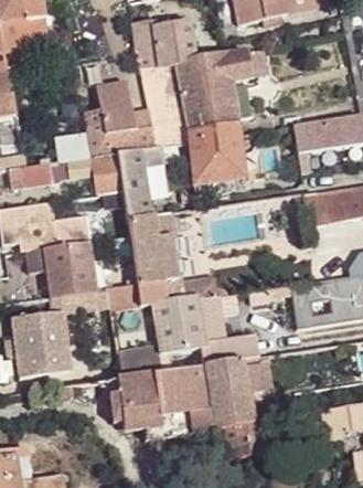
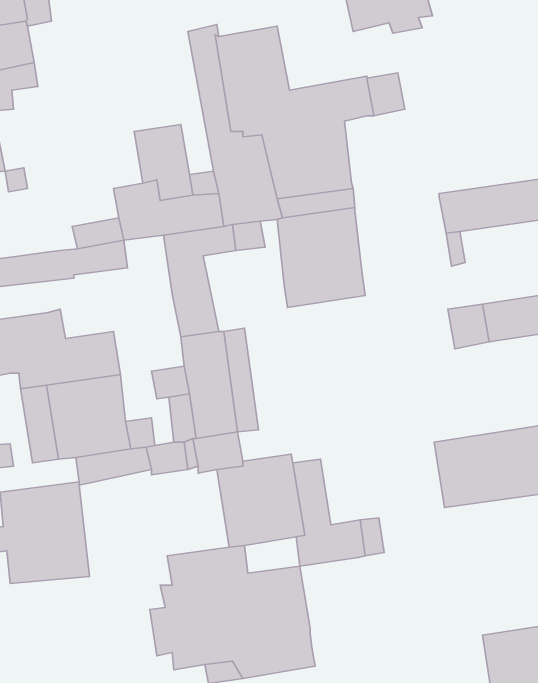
building: [92,153,122,194] -> none
building: [164,273,218,299] -> none
building: [204,360,270,429] -> none

